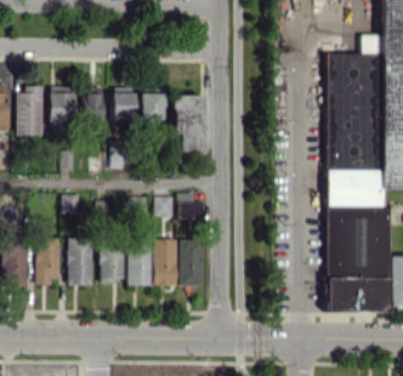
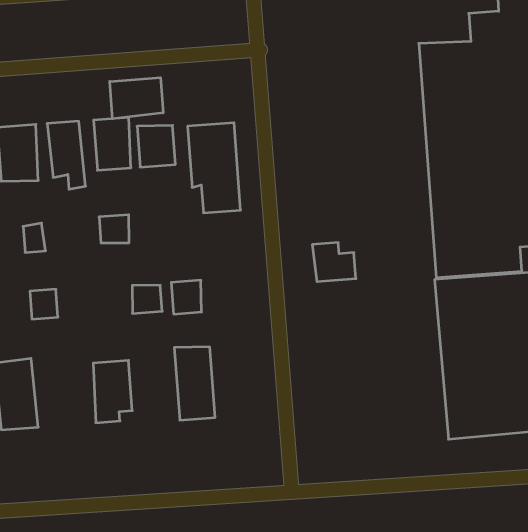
building: none -> [110,78,163,119]
building: [178,193,205,217] -> [312,243,356,282]
building: [68,238,93,285] -> none
building: [180,239,204,285] -> none
building: [129,241,153,285] -> none

